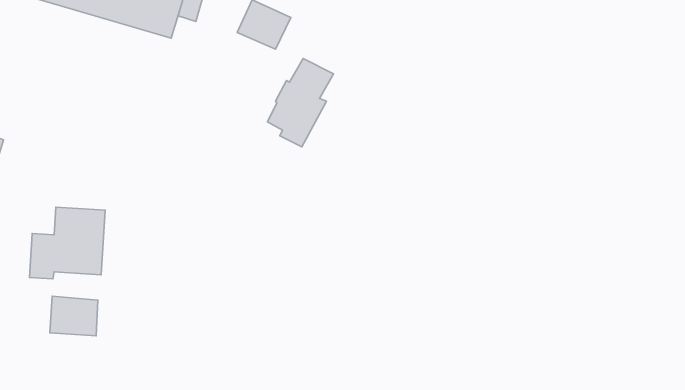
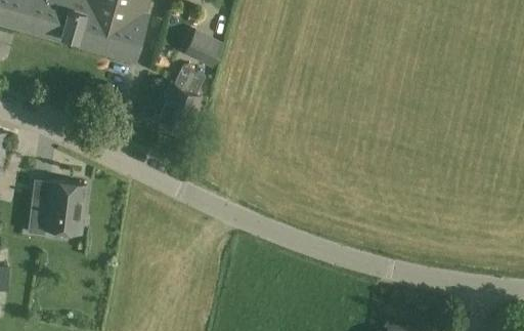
building: [267,59,333,147] -> [156,66,205,131]
building: [50,296,98,336] -> none

